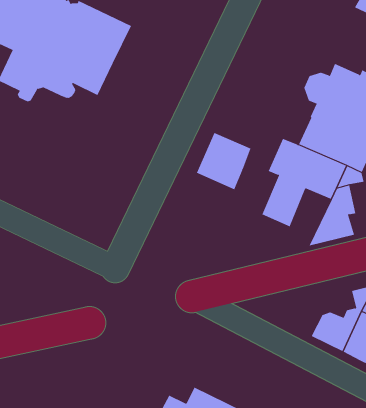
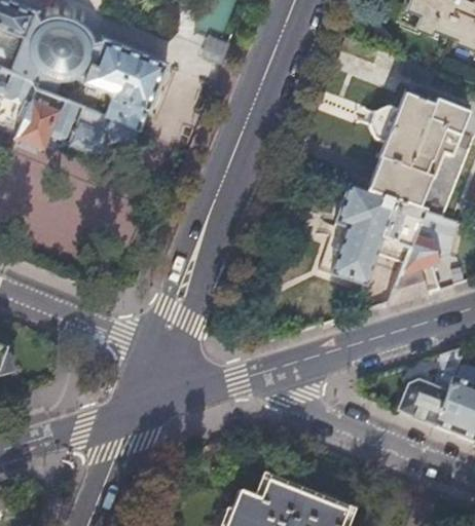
building: [196,132,251,190] -> none

